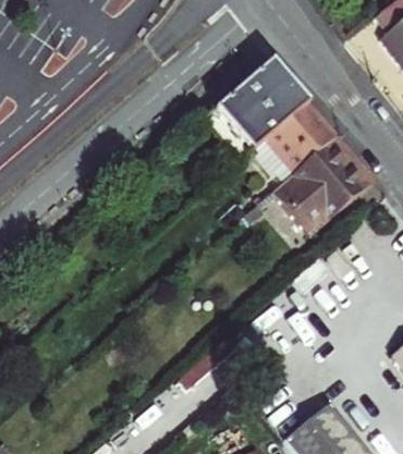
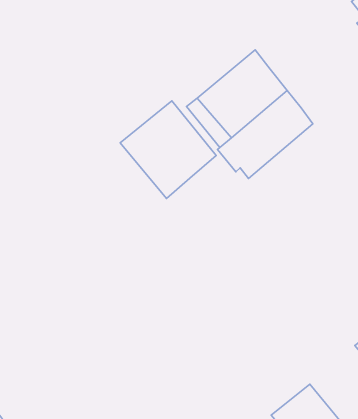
building: none -> [120,101,216,198]
building: [256,139,371,240] -> none

